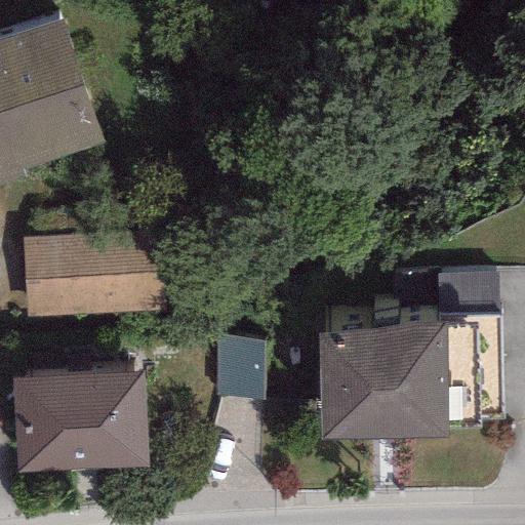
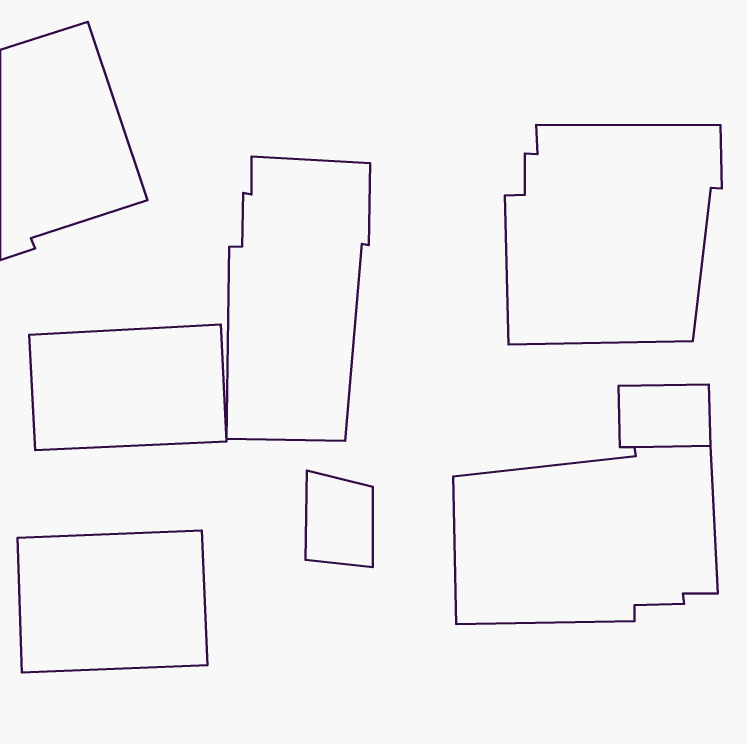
building: none -> [505,125,722,345]
building: none -> [226,157,370,441]

